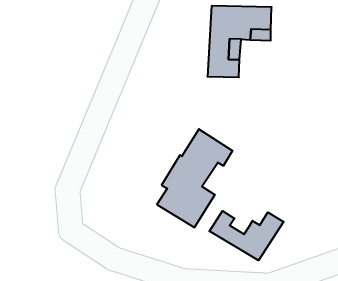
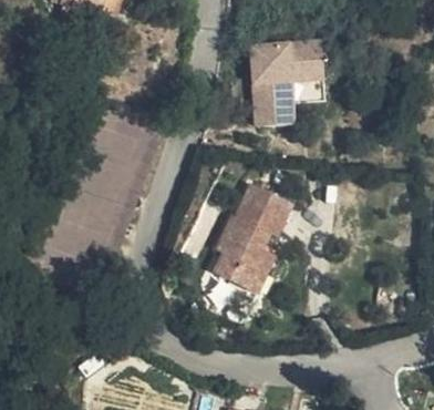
building: [209,211,284,260] -> none

